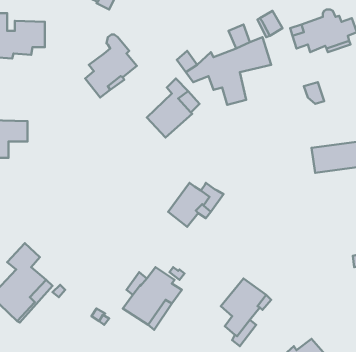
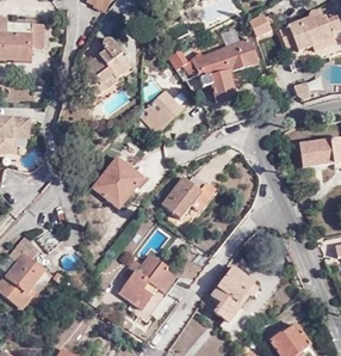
building: none -> [94,156,144,204]

